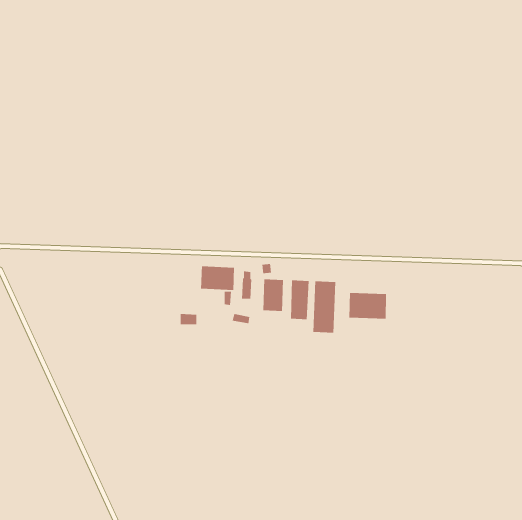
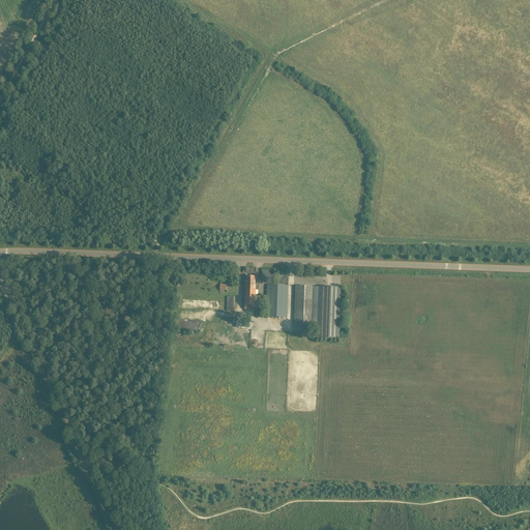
building: [201,266,234,291] -> none
building: [349,292,387,320] -> none

